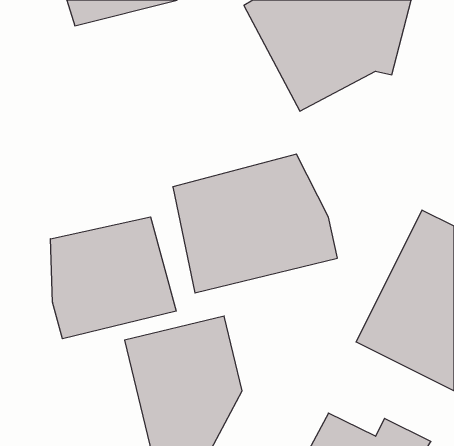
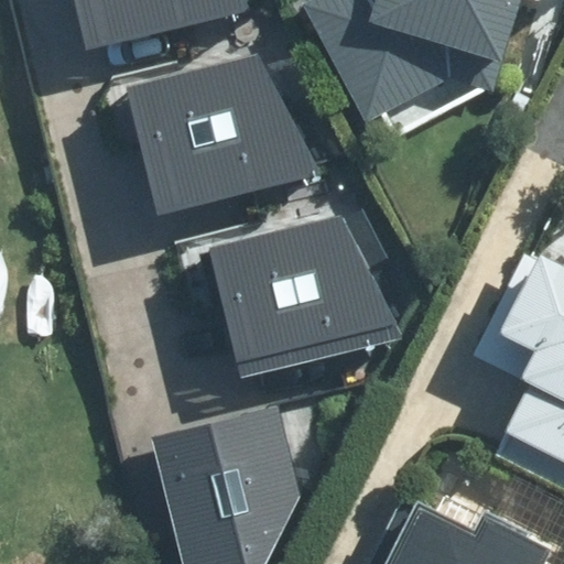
building: none -> [129,52,322,207]
building: [50,217,176,339] -> none

